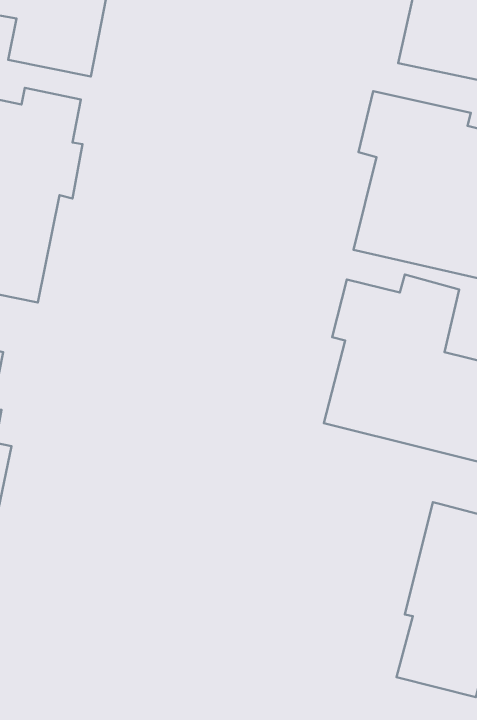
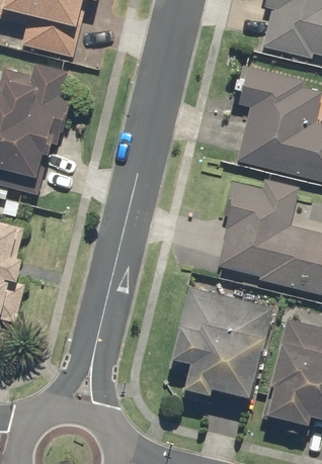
building: none -> [167,279,280,401]

